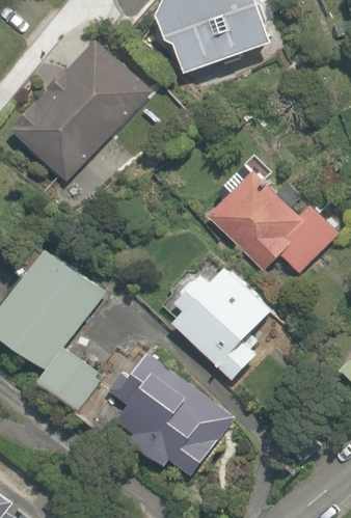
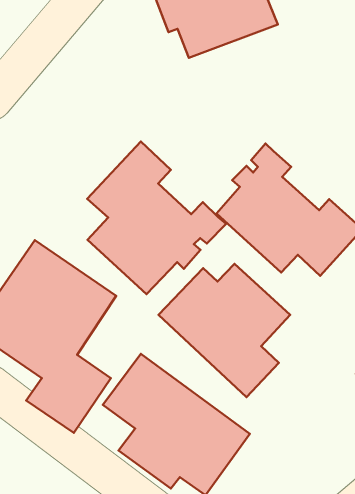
building: [9,35,155,185] -> none
building: none -> [87,142,226,294]

